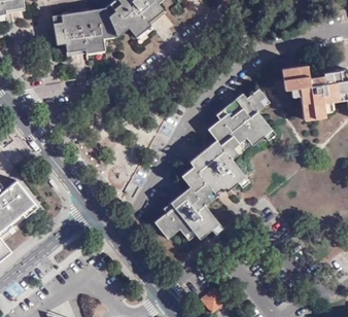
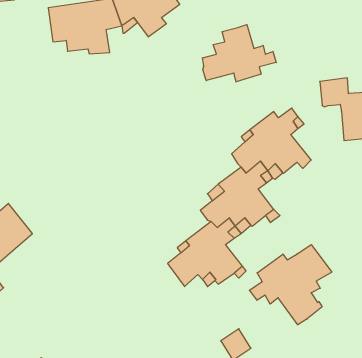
building: none -> [203,25,276,82]
building: none -> [249,245,332,325]

